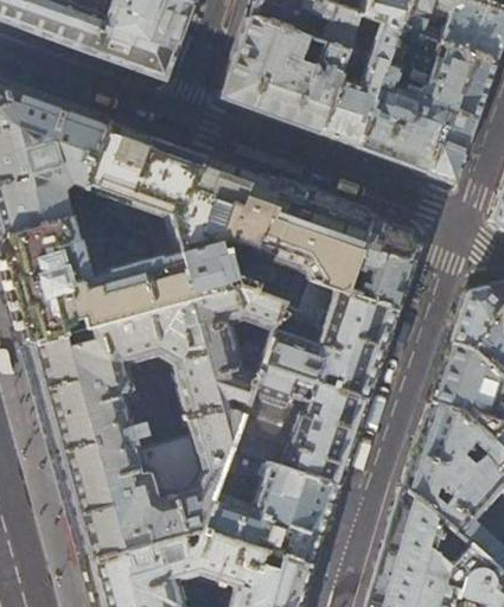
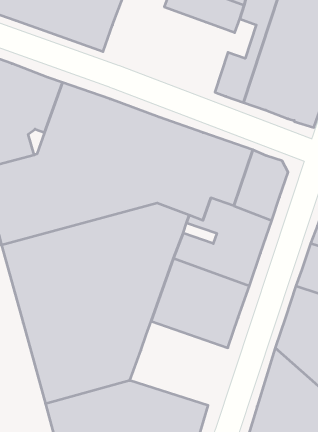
building: [221,18,347,135] -> none
building: [203,451,338,567] -> none

